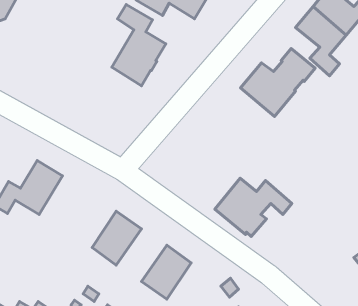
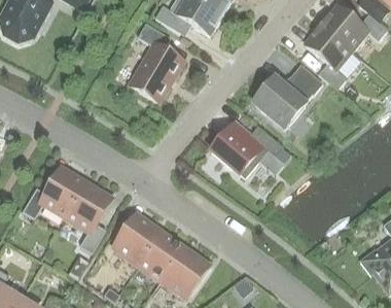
building: none -> [65,182,110,251]
building: [215,178,292,237] -> [211,122,283,176]
building: none -> [137,232,184,281]

